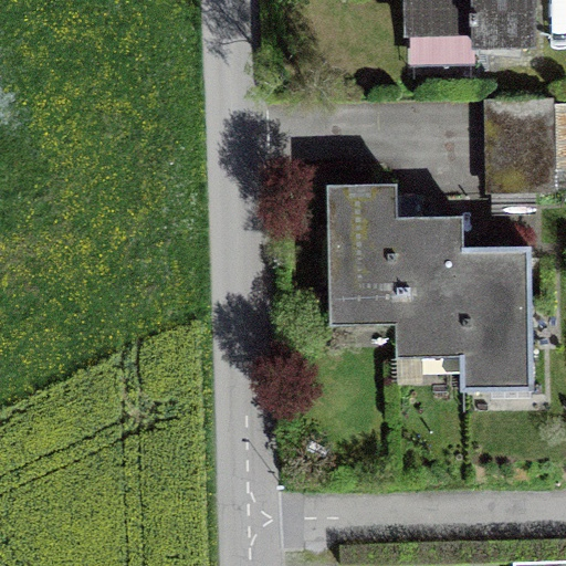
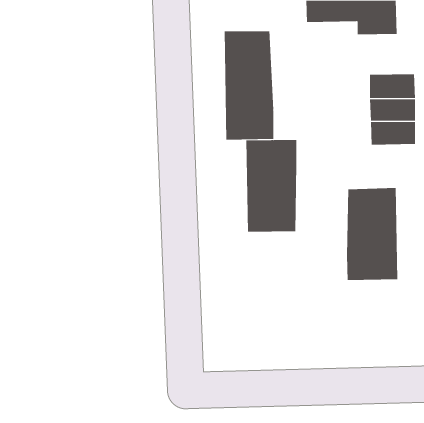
building: none -> [224,30,274,141]
building: [395,220,463,343] -> none

